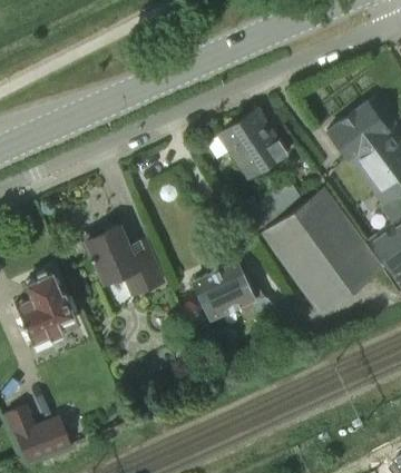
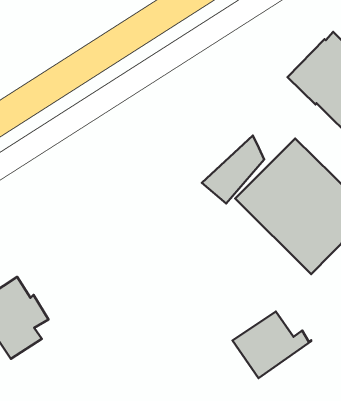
building: [206,110,286,180] -> none
building: [87,228,163,296] -> none
building: [193,262,264,319] -> [233,312,311,378]

